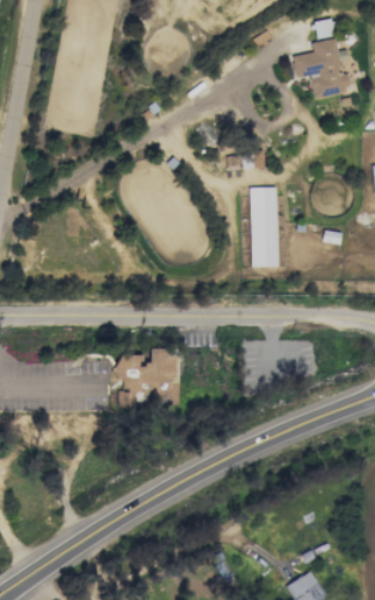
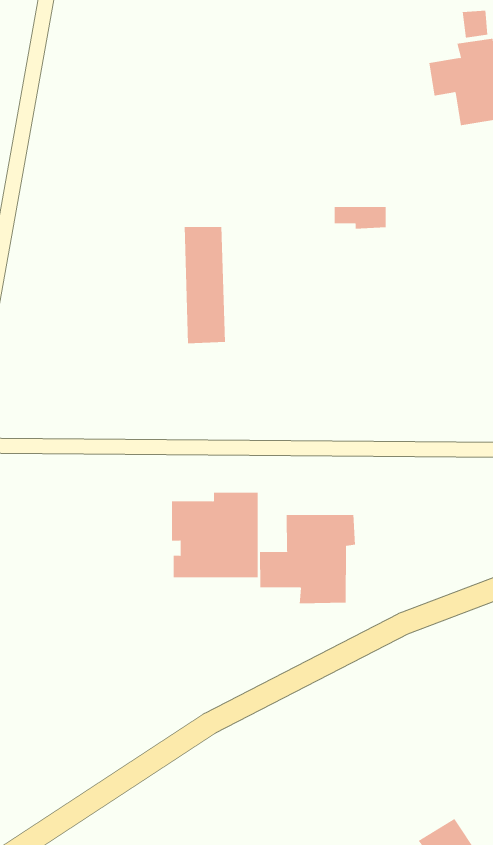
building: [250,185,278,265] -> [184,226,226,344]
building: none -> [259,514,355,604]

